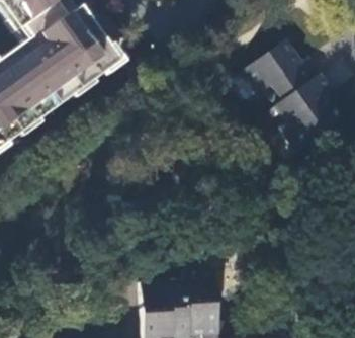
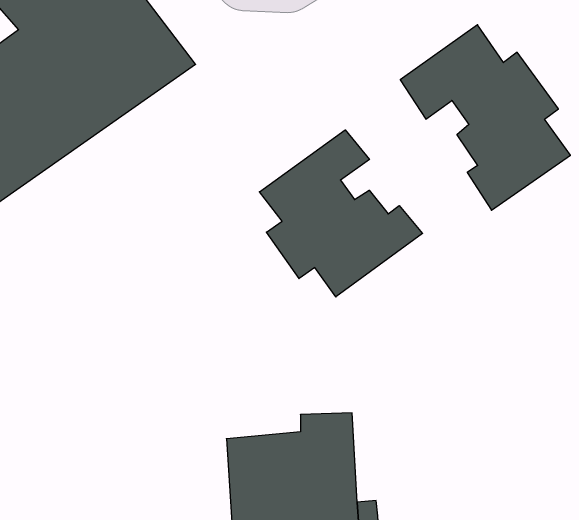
building: none -> [259,130,423,297]

